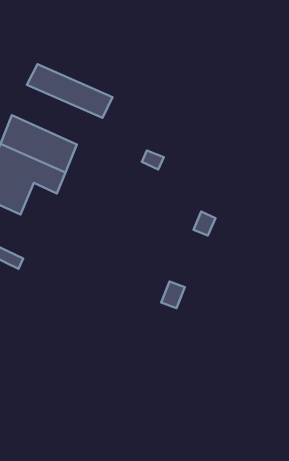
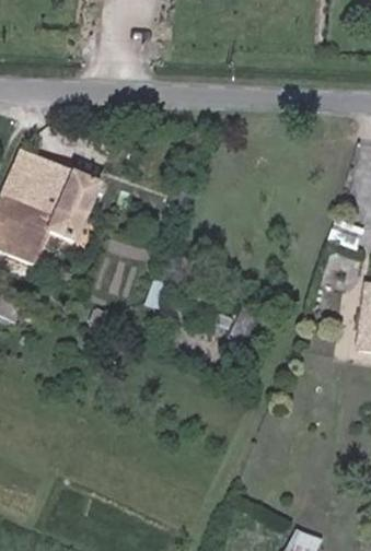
building: [27,64,113,118] -> none

